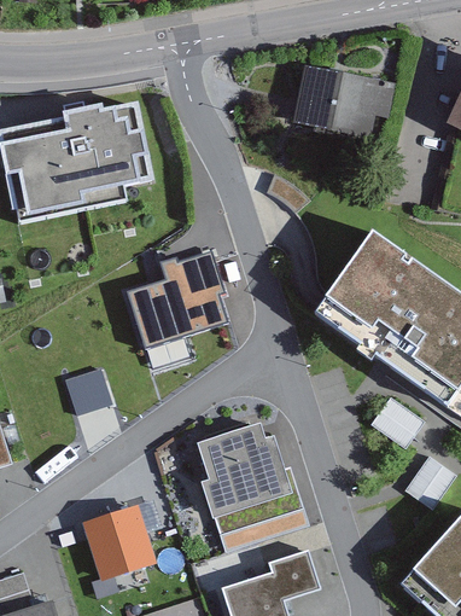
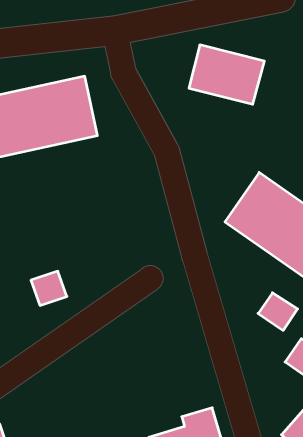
building: [127,251,226,350] -> none
building: [200,426,304,536] -> none
building: [81,501,156,579] -> none

